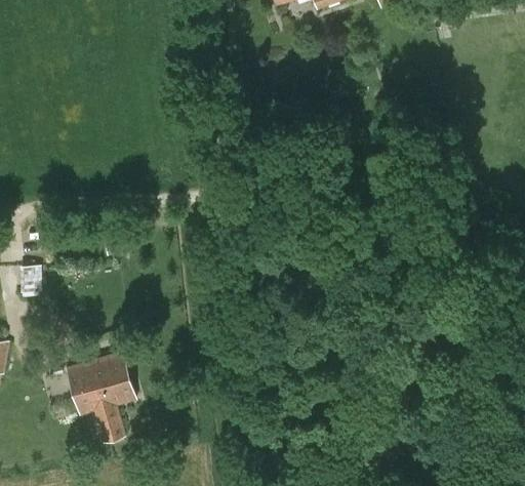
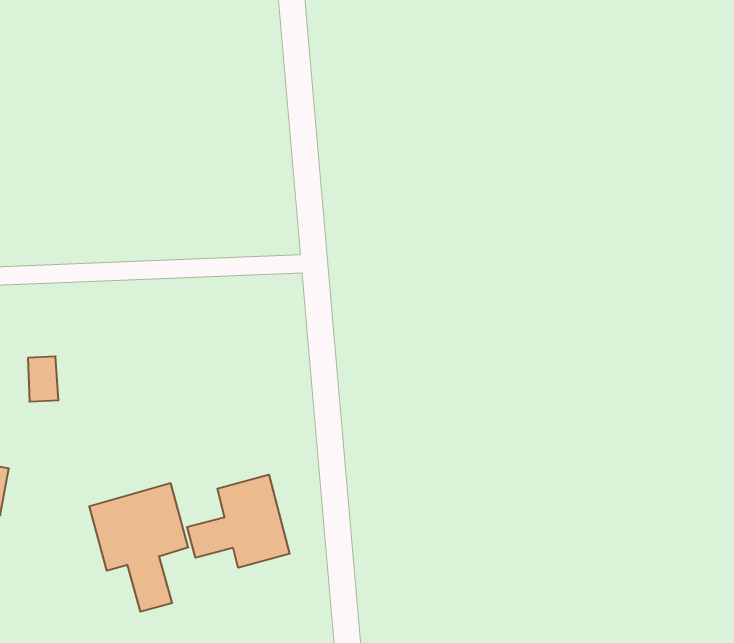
building: none -> [187,475,290,568]

